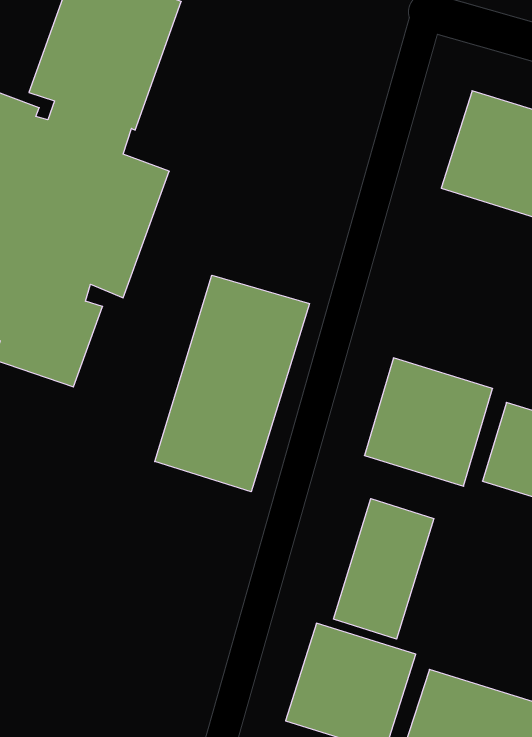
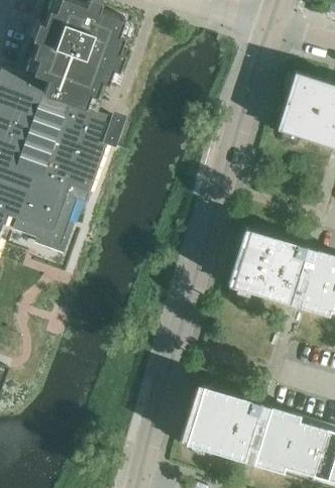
building: [155,275,309,492] -> none
building: [333,499,434,639] -> none

